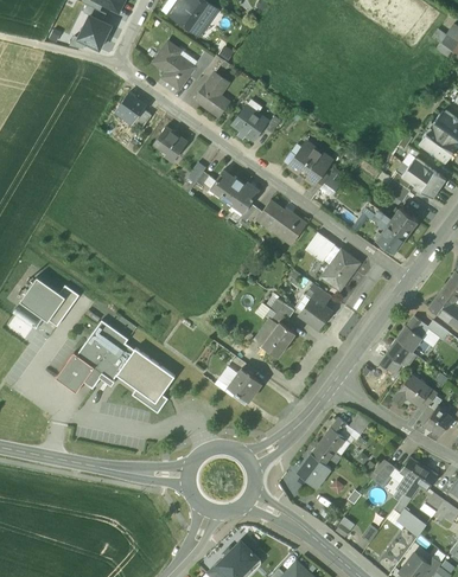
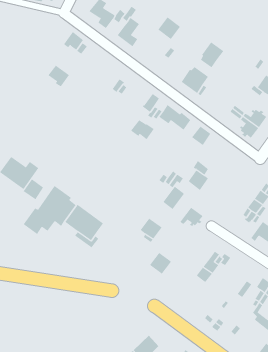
building: [233,105,267,140] -> [157,17,181,40]
building: none -> [200,42,224,68]
building: [154,127,187,160] -> [48,65,70,87]
building: [210,171,247,201] -> [130,119,155,140]
building: [323,250,360,290] -> none
building: none -> [23,178,44,200]
building: none -> [180,207,203,227]
building: [298,454,331,487] -> [149,252,172,275]

